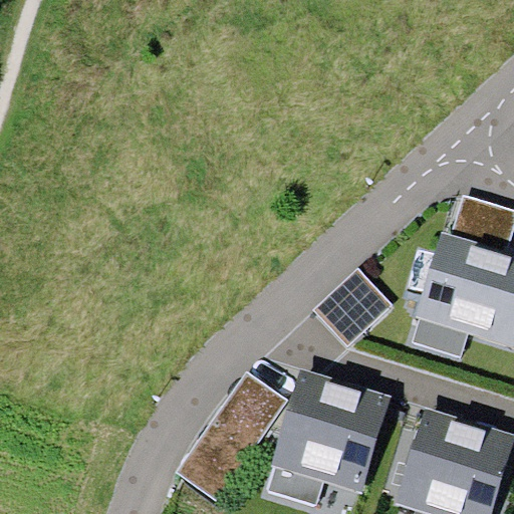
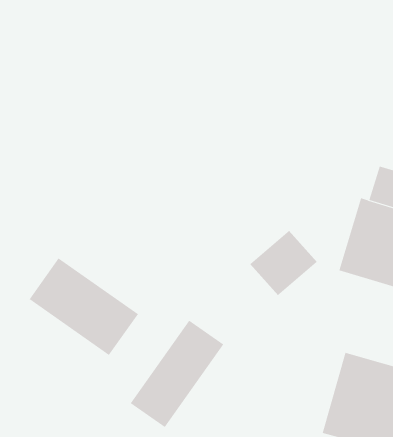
building: none -> [29,257,139,356]
building: [272,371,387,494] -> none

